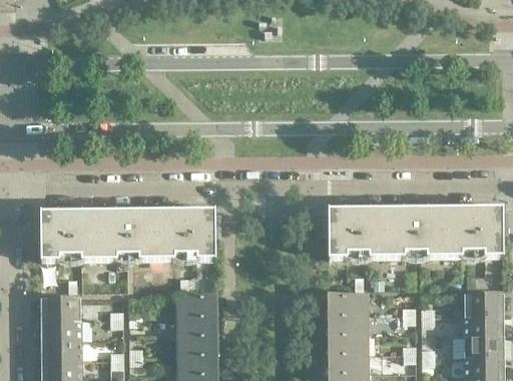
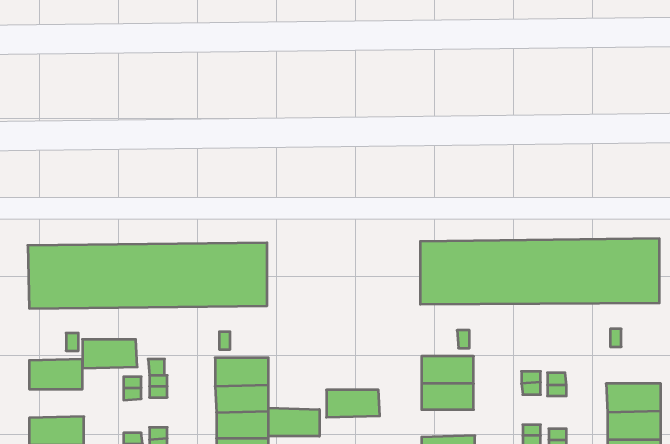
building: [464,289,504,311] -> none
building: [41,315,81,336] -> [82,339,137,368]
building: none -> [268,408,319,436]
building: [329,330,368,350] -> [326,390,380,417]

